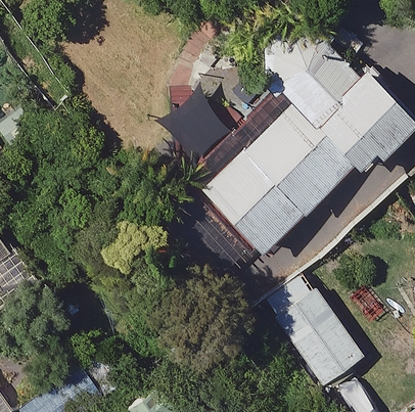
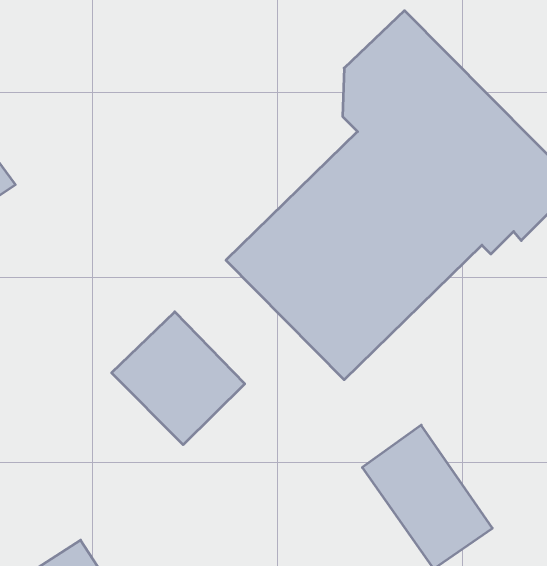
building: none -> [112,312,245,445]

